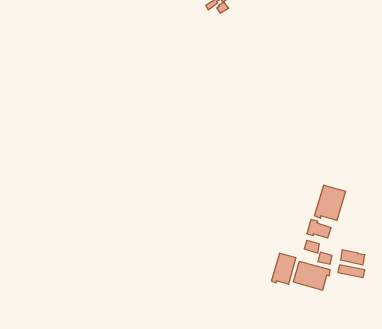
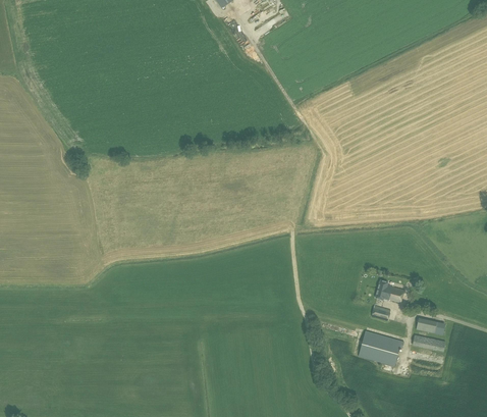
building: [314,185,346,221] -> none
building: [271,253,296,284] -> none

